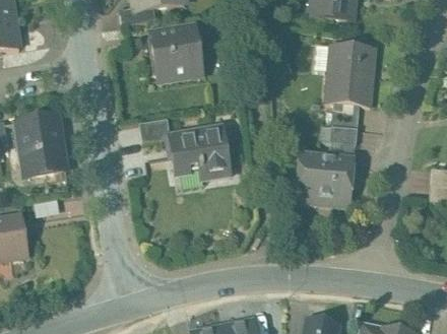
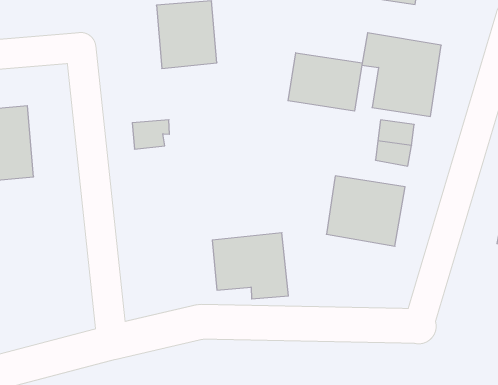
building: none -> [288,53,362,111]
building: [169,125,231,178] -> [212,233,288,299]

